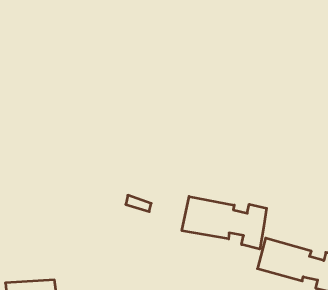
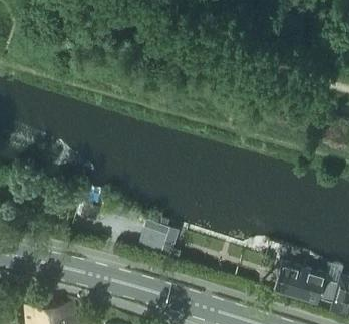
building: [182,196,267,249] -> none

